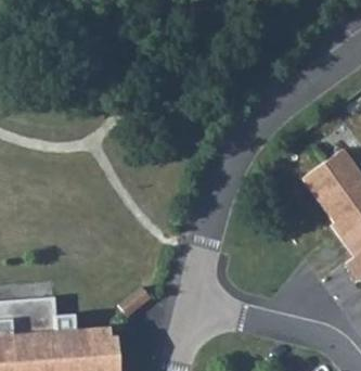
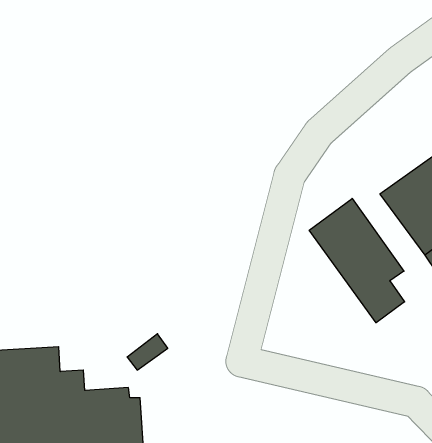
building: none -> [309,198,405,323]

